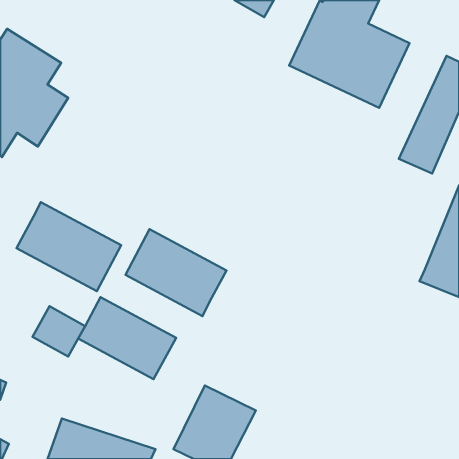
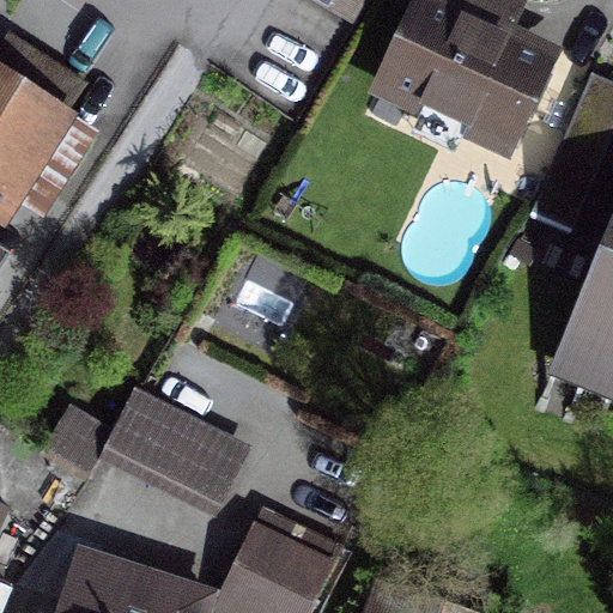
building: [16,202,121,291] -> none
building: [125,229,226,316] -> none

